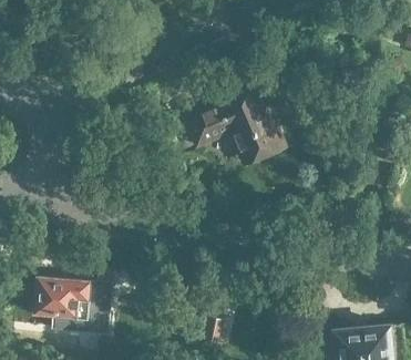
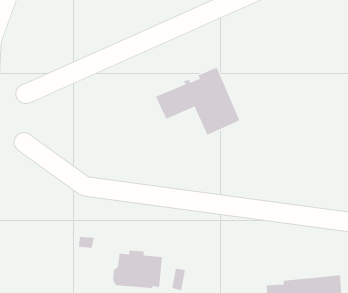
building: [30,275,89,319] -> [112,250,163,288]

